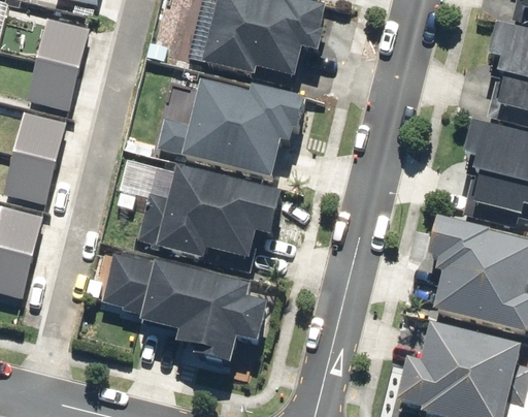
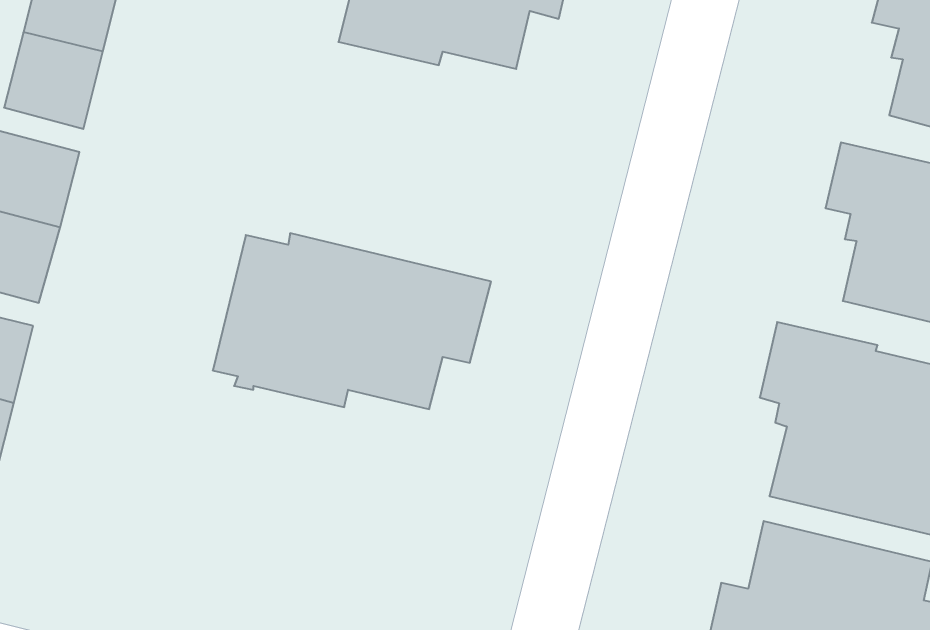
building: [155,79,308,178] -> none
building: [101,250,271,362] -> none

